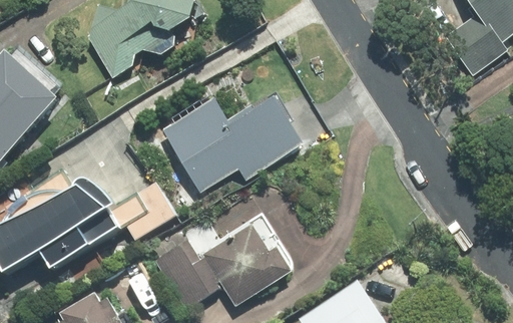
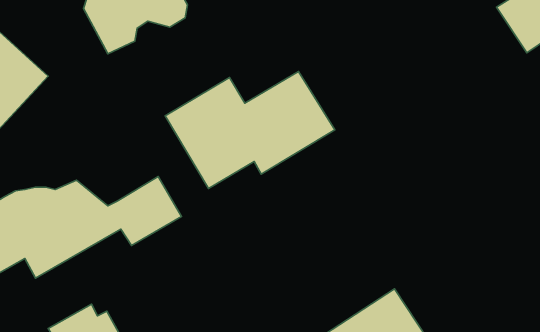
building: [149,223,292,311] -> none

